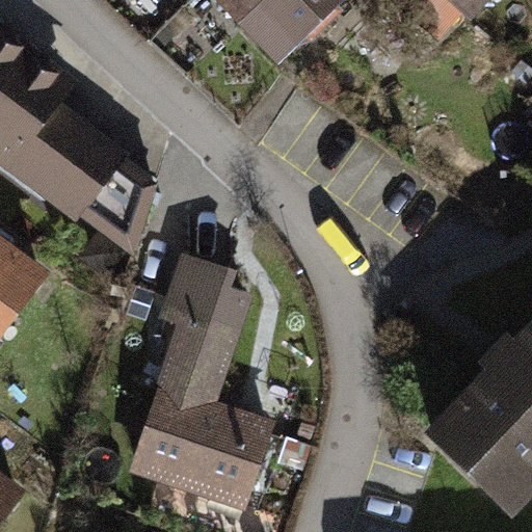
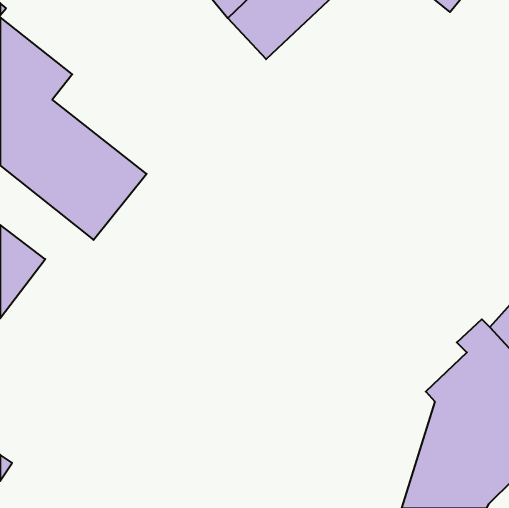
building: [118,286,266,509] -> none

